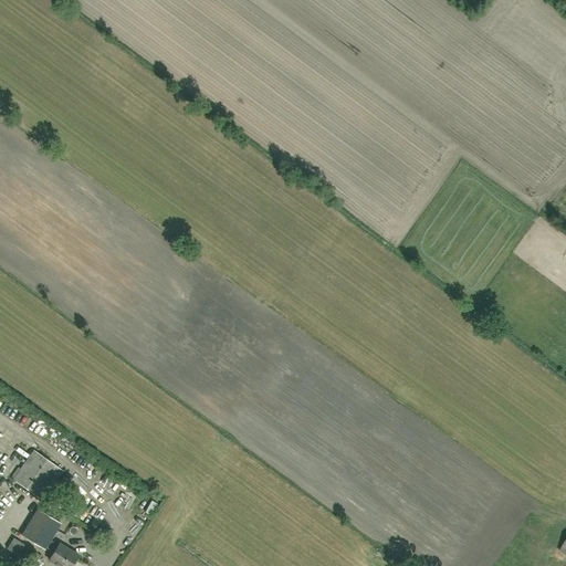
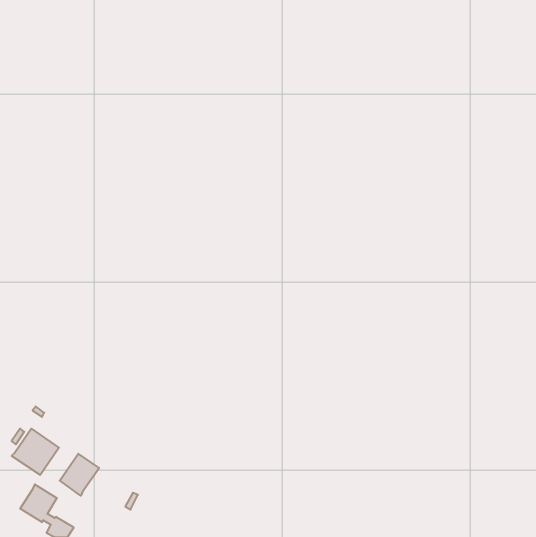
building: none -> [60,454,99,496]

